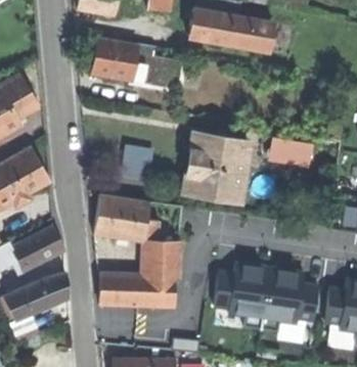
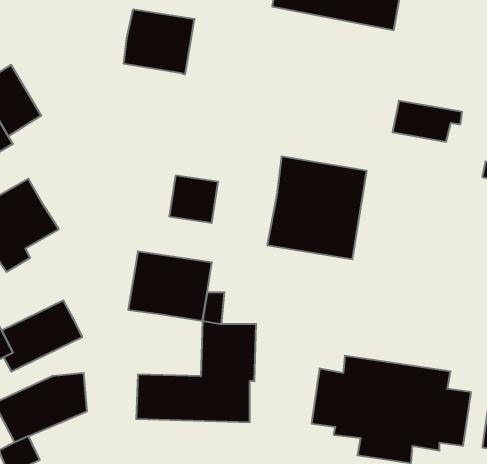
building: [128,44,181,90] -> none
building: [272,138,317,165] -> [392,101,462,142]

